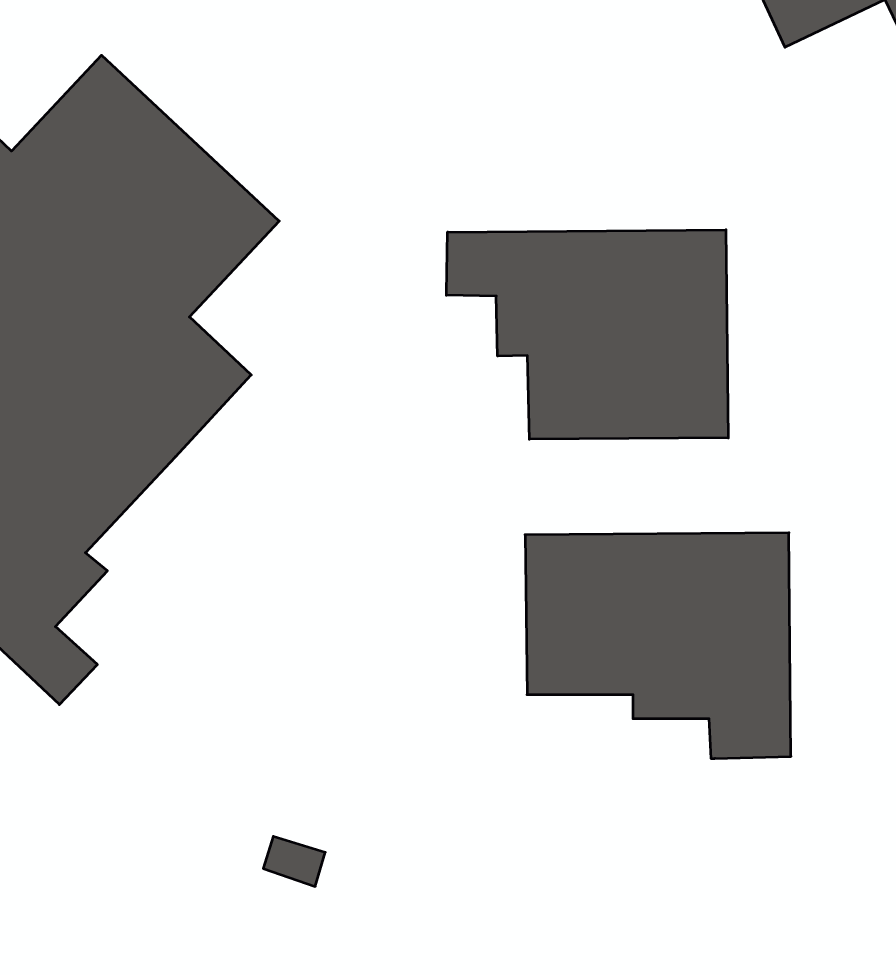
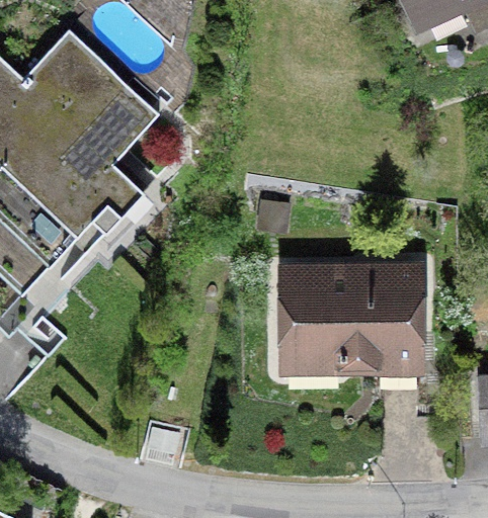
building: [446,230,728,439] -> none

